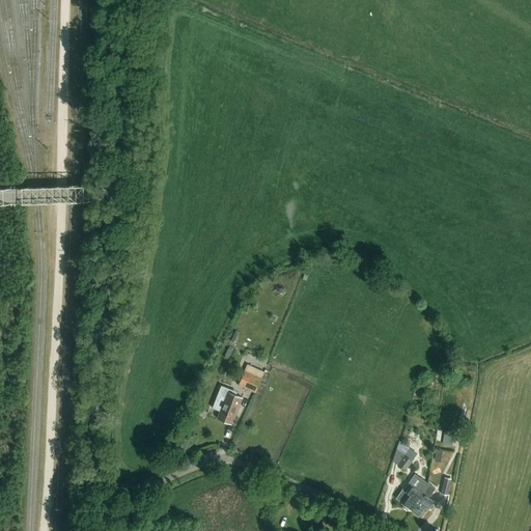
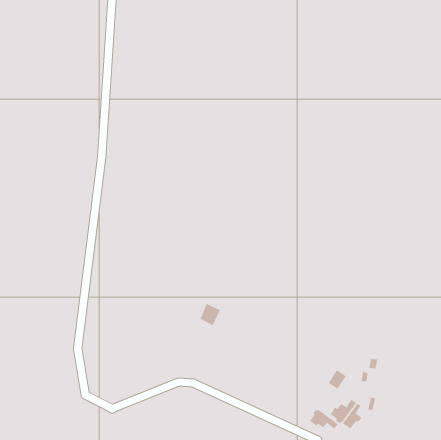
building: [213,385,242,422] -> none
building: none -> [309,409,339,430]

